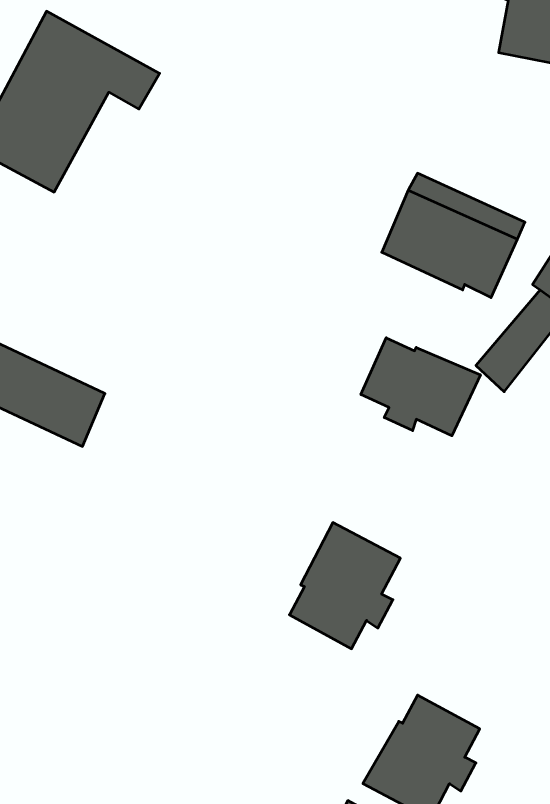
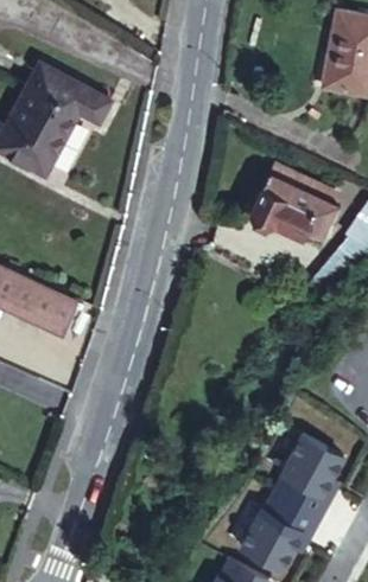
building: [361,338,480,436] -> none
building: [289,523,400,649] -> [274,435,344,514]

